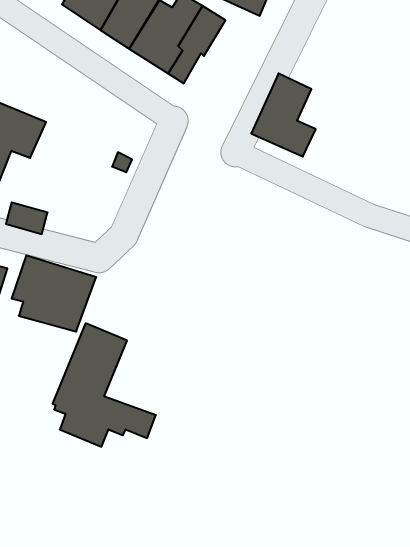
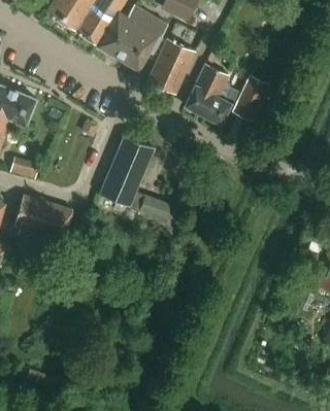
building: none -> [148,39,195,93]
building: none -> [234,75,270,121]
building: [53,323,156,447] -> [100,138,174,227]

